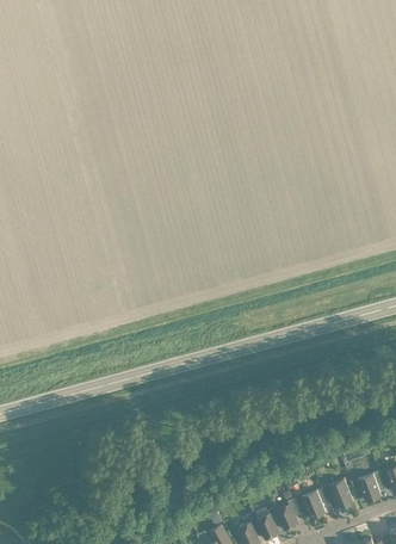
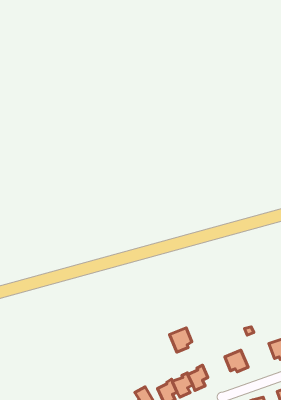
building: [358,470,386,501] -> none
building: [302,487,330,518] -> [169,328,192,352]

